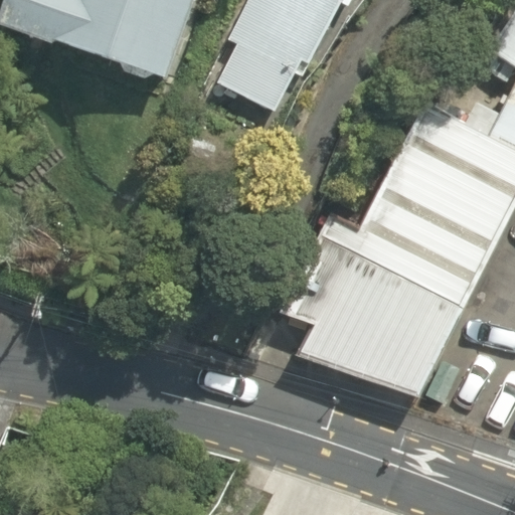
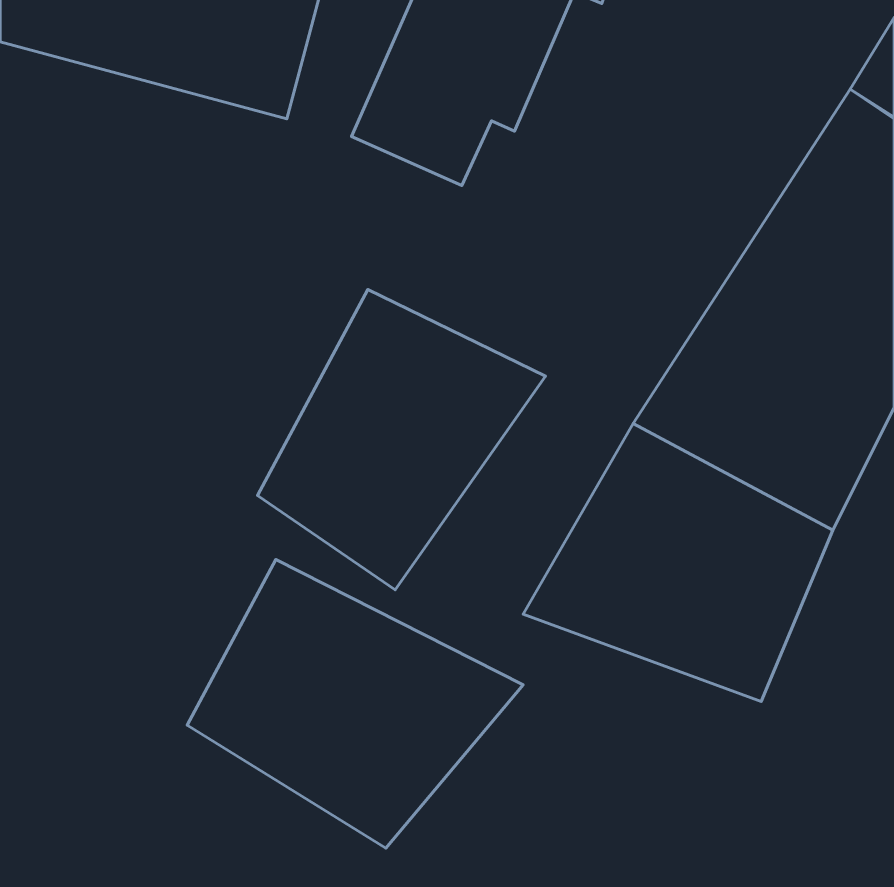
building: none -> [257,289,545,590]
building: none -> [187,559,523,848]

